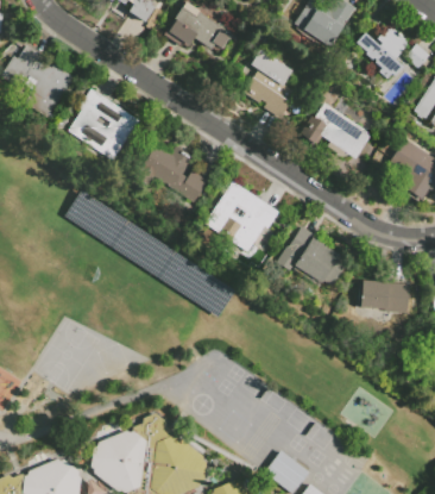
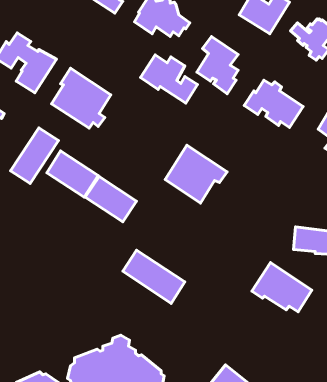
building: [139,144,208,202] -> [140,55,198,103]
building: none -> [11,128,58,184]
building: [277,227,349,287] -> [252,263,312,312]
building: [157,250,232,314] -> [123,250,185,304]

